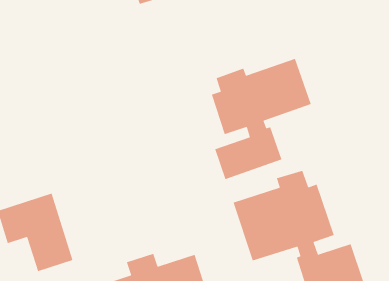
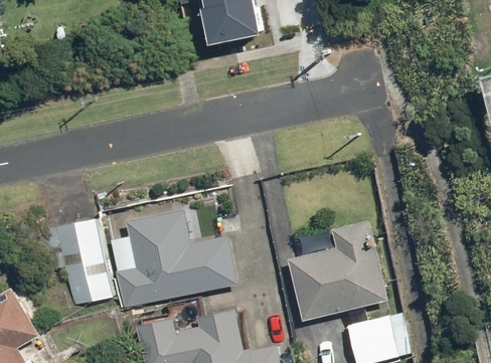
building: [211,58,312,180] -> none
building: none -> [106,207,237,310]

